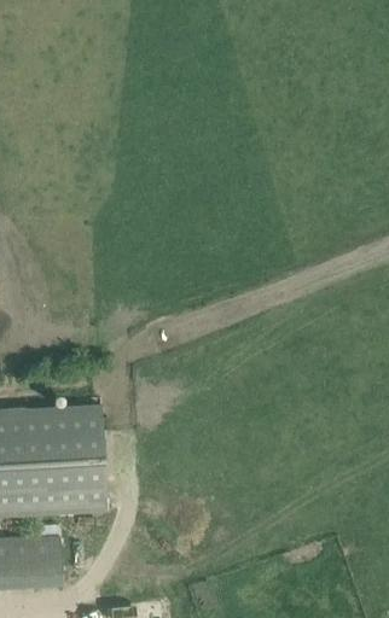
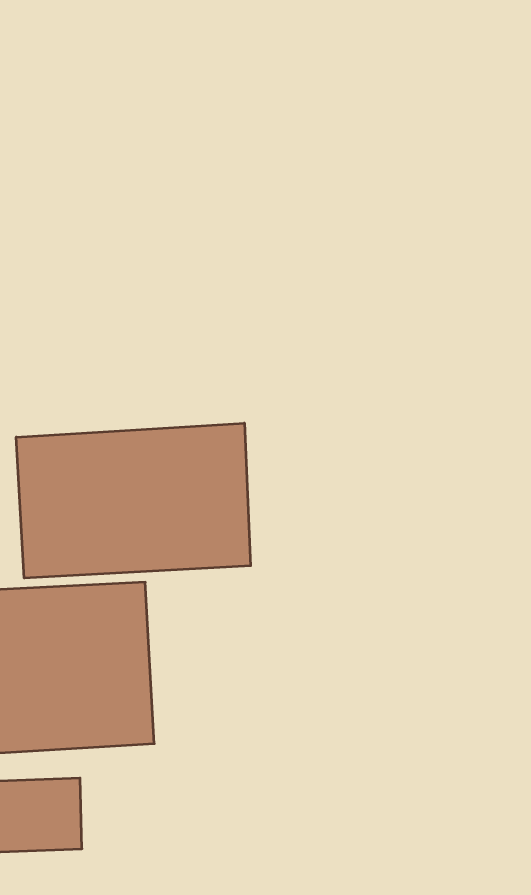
building: none -> [16,423,251,578]

